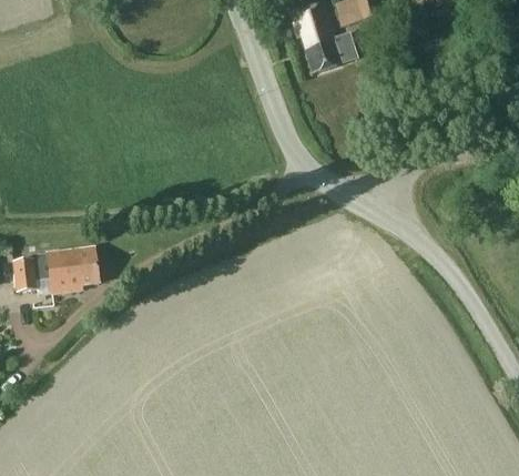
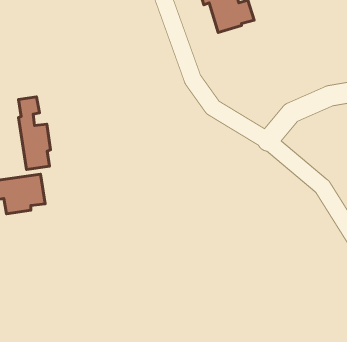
building: none -> [18,97,50,169]

